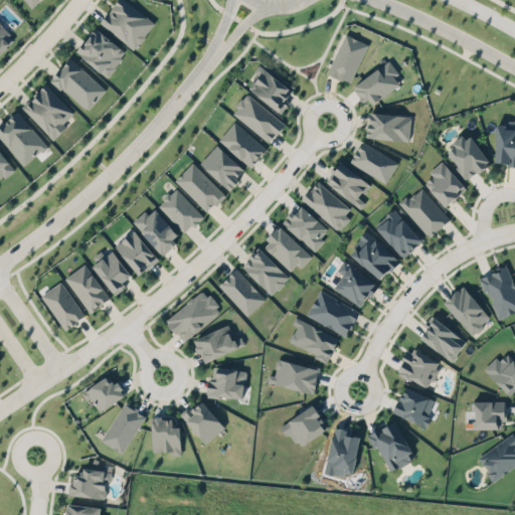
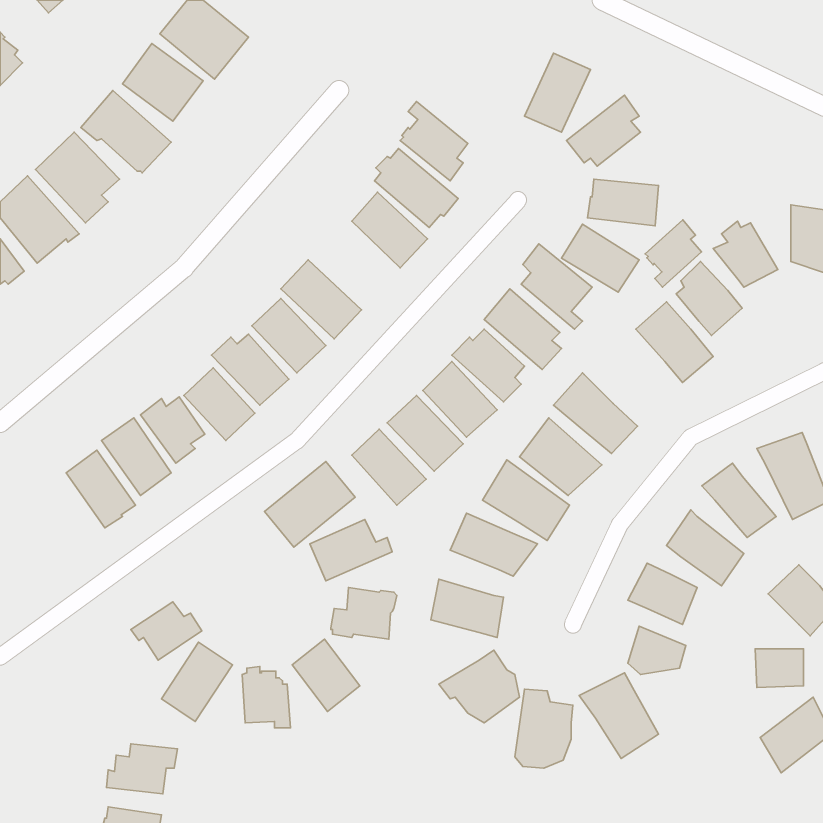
building: none -> [645,220,701,287]
building: [200,145,244,191] -> none
building: [376,218,420,262] -> none

